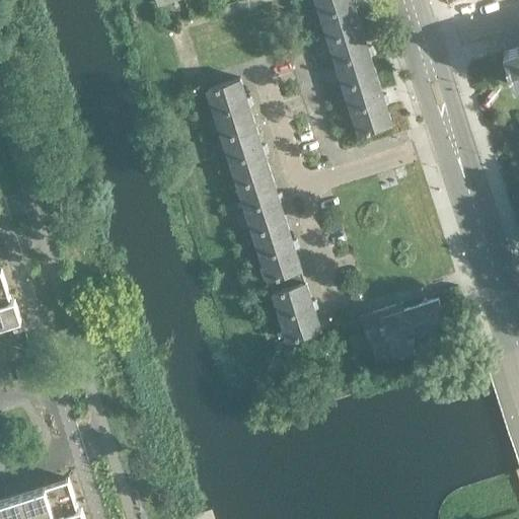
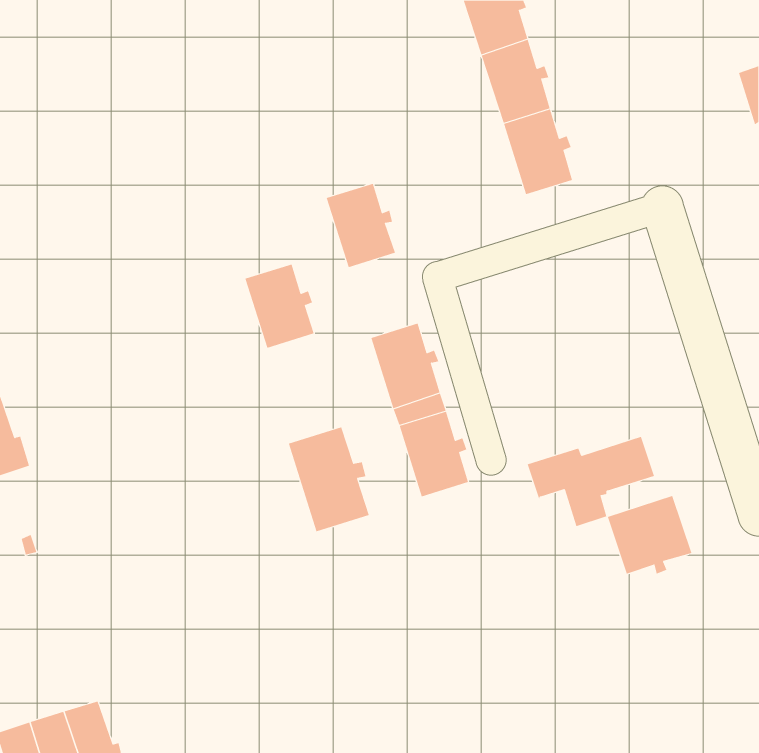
building: [206,82,254,140] -> none
building: [237,177,285,235] -> [245,264,314,349]
building: none -> [288,426,369,532]
building: none -> [607,495,692,575]

